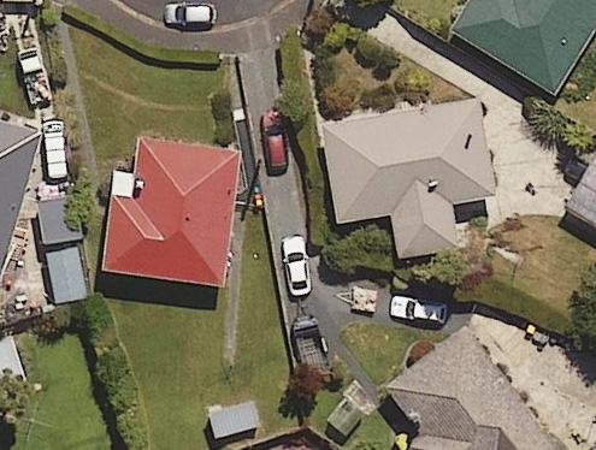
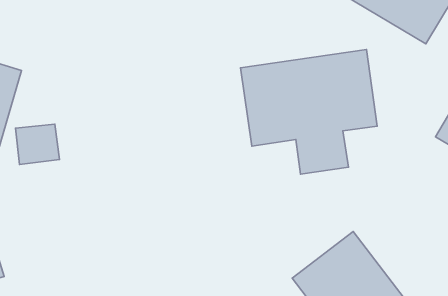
building: [101,138,238,285] -> none

